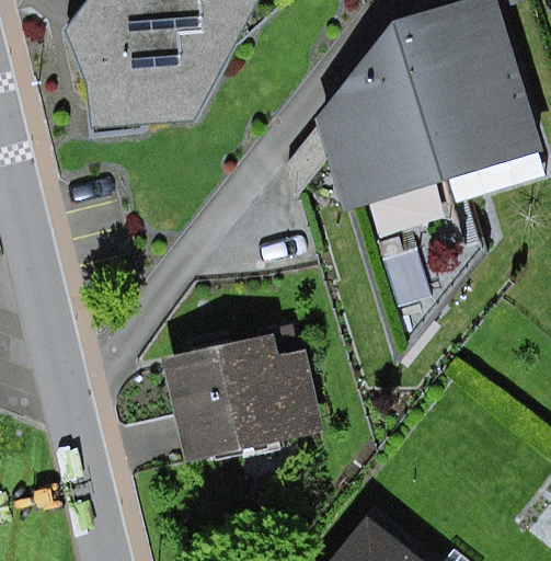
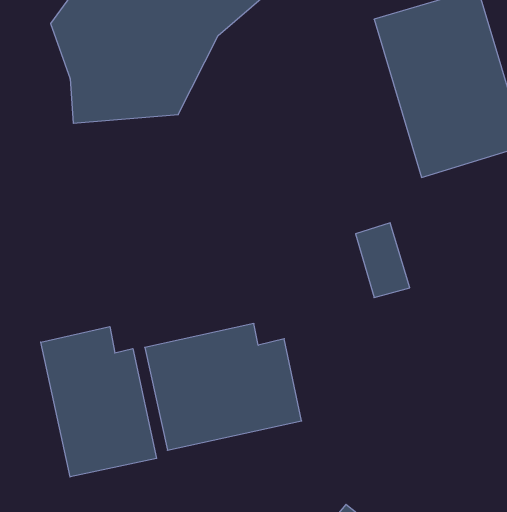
building: [322,24,440,209] -> none
building: none -> [41,327,157,477]

